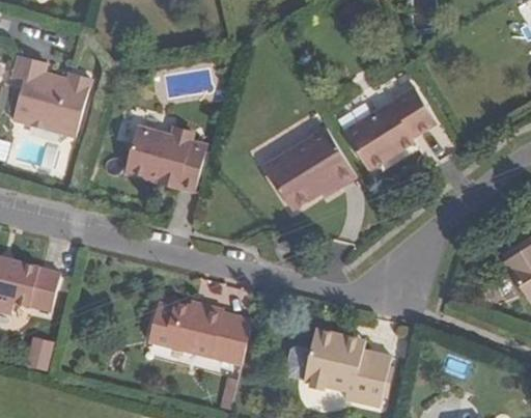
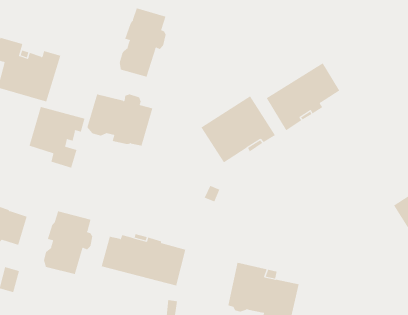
building: none -> [119,8,166,77]
building: none -> [29,106,85,168]
building: none -> [43,211,93,275]

